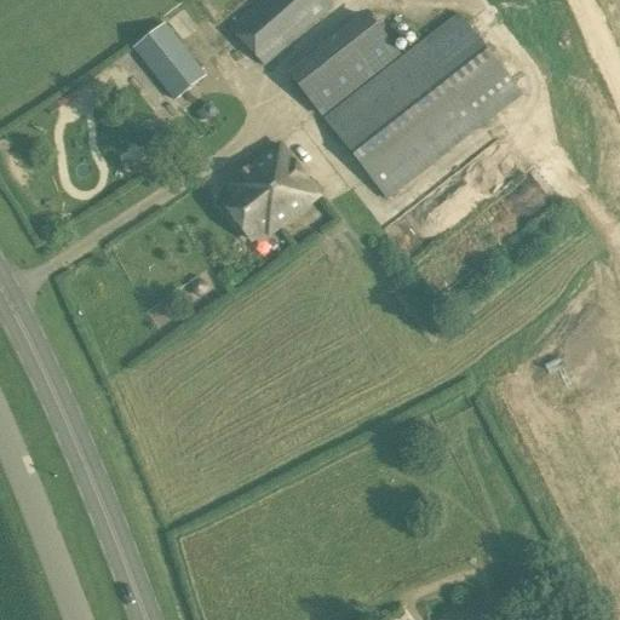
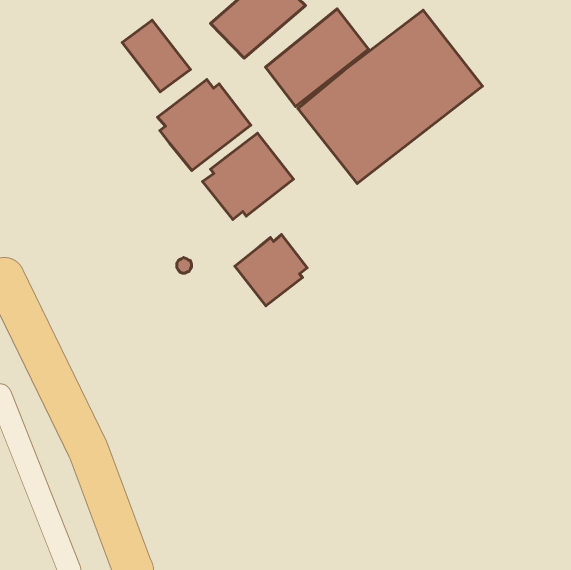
building: none -> [157,80,251,171]
building: none -> [235,234,307,306]

